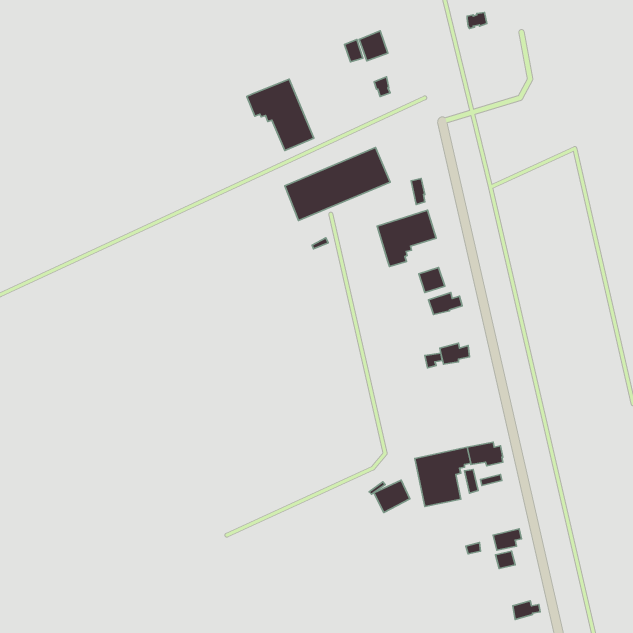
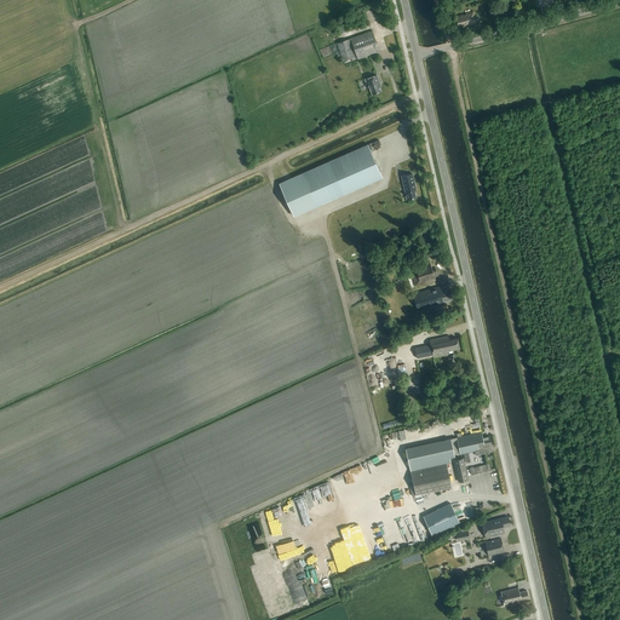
building: [247,79,314,150] -> none
building: [377,210,436,266] -> none
building: [374,480,410,512] -> [423,504,458,535]

